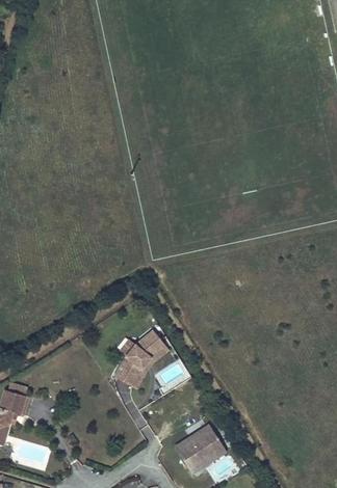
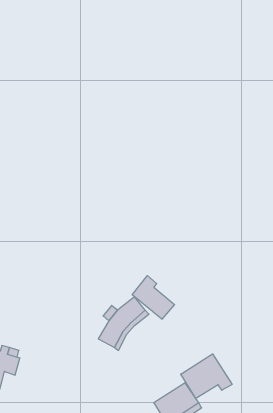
building: none -> [132,276,175,319]
building: none -> [181,354,232,399]

